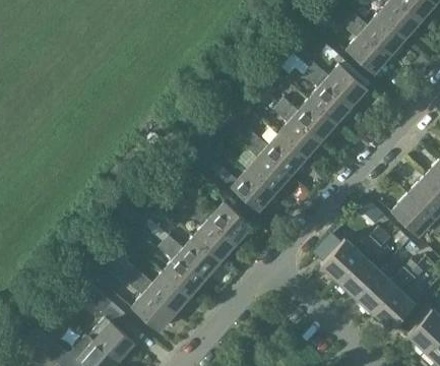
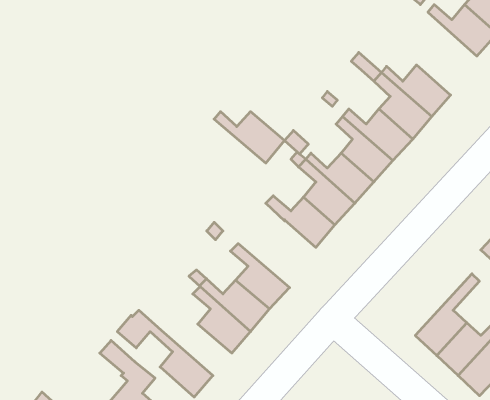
building: [343,21,388,74] -> none
building: [195,202,252,244] -> [214,112,285,163]
building: [321,228,384,283] -> none
building: [133,272,190,315] -> none

